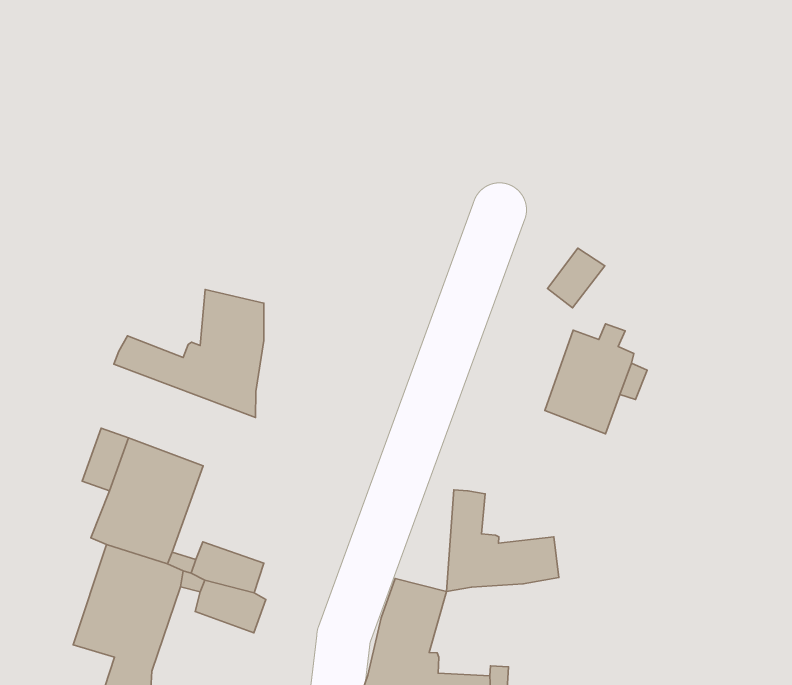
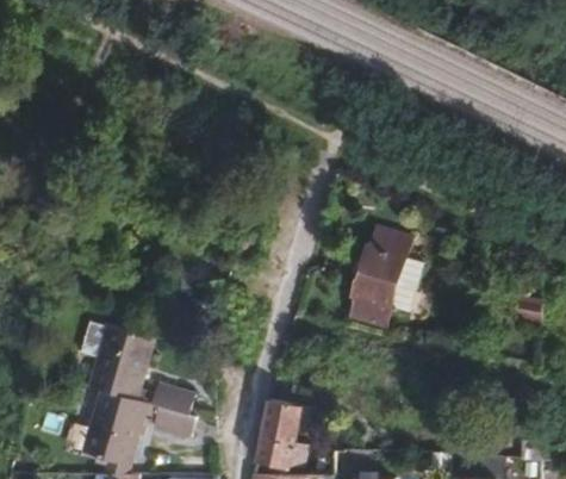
building: [114,290,264,417] -> none
building: [447,490,559,591] -> none

